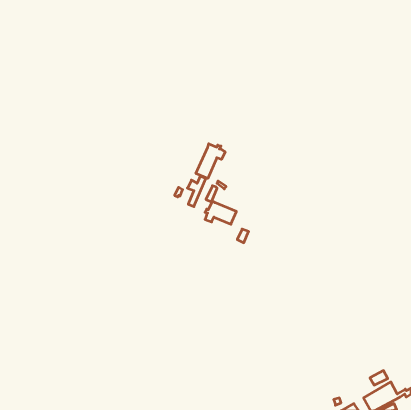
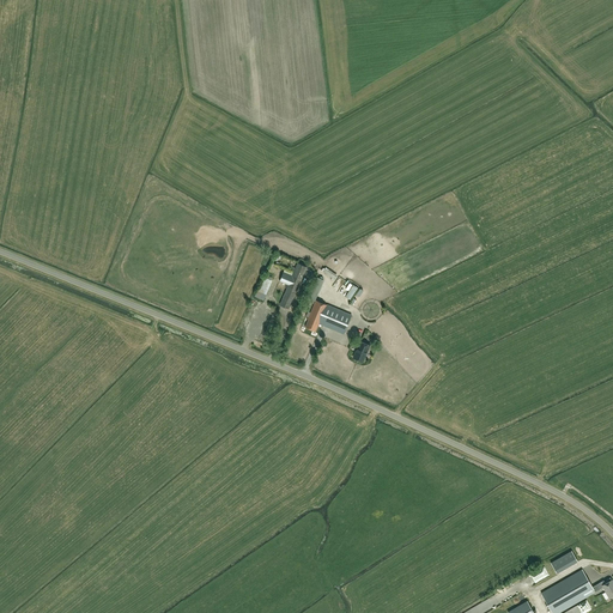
building: [196,144,225,178] -> none

